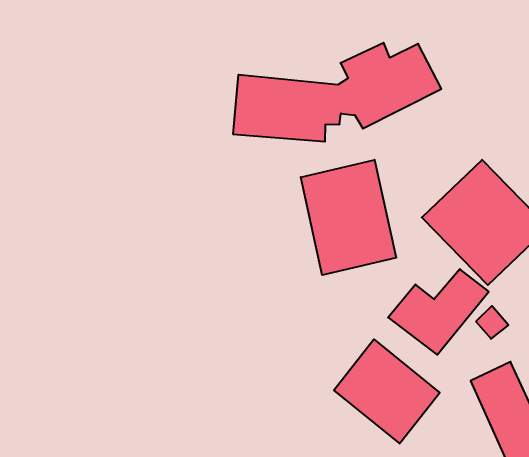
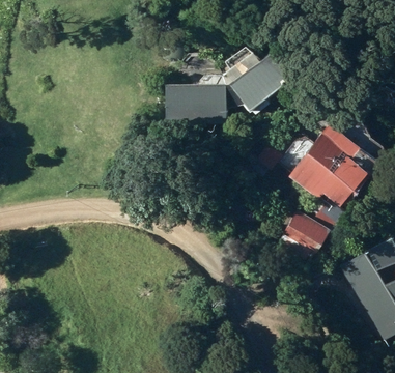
building: [301,160,396,275] -> none
building: [334,339,440,444] -> none

